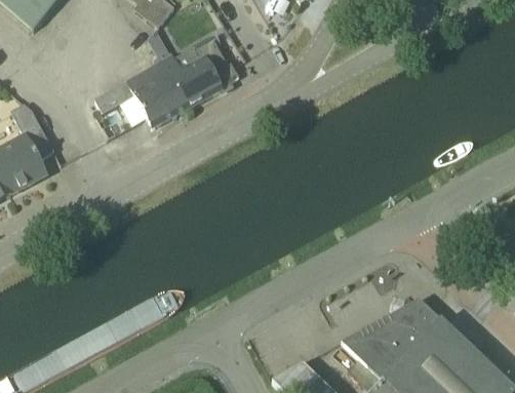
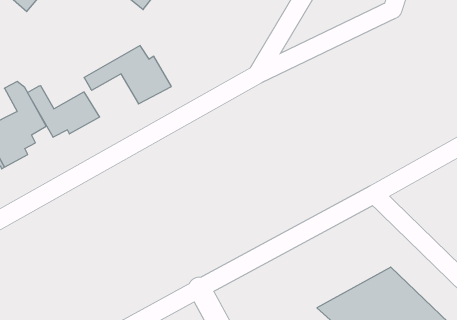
building: [153,36,239,109] -> none
building: none -> [28,86,100,137]

